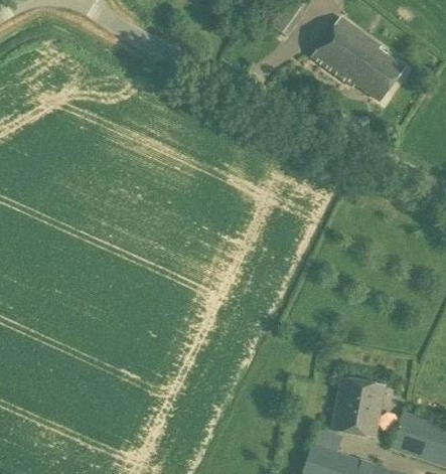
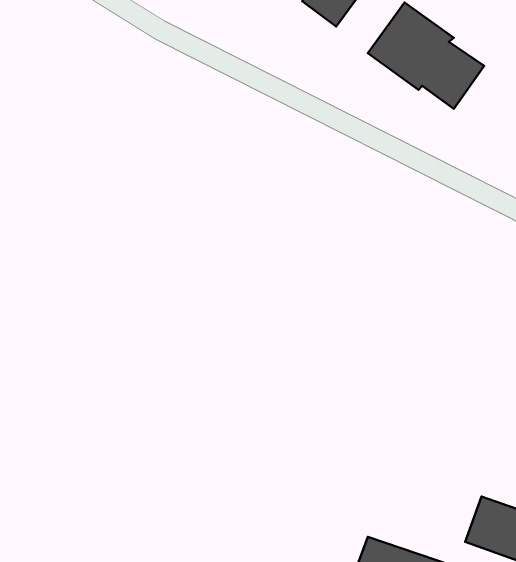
building: [333,379,384,436] -> none

